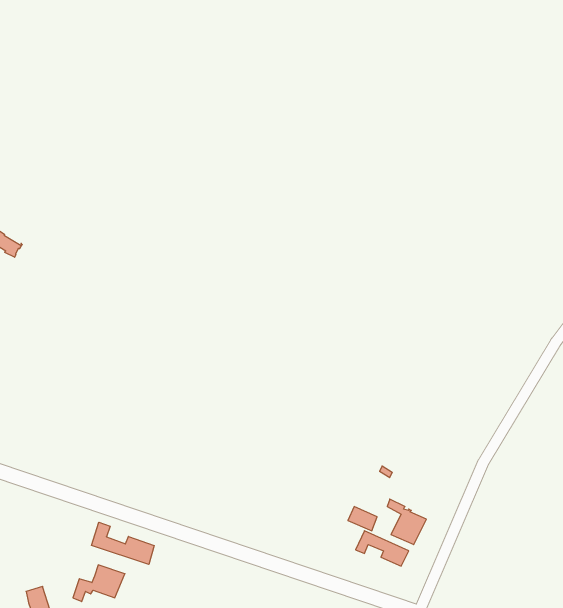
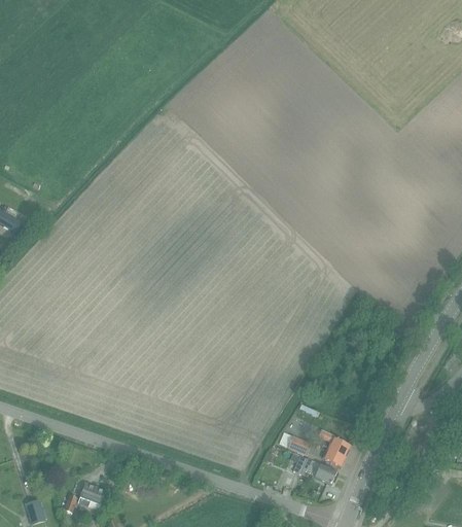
building: [91,522,154,564] -> none

